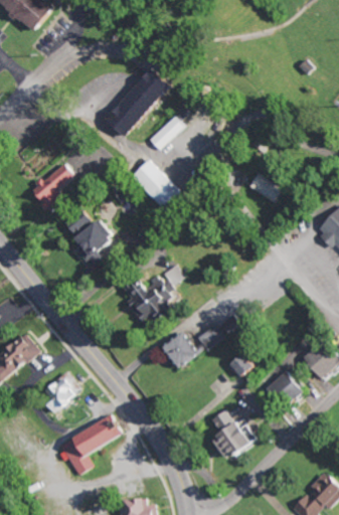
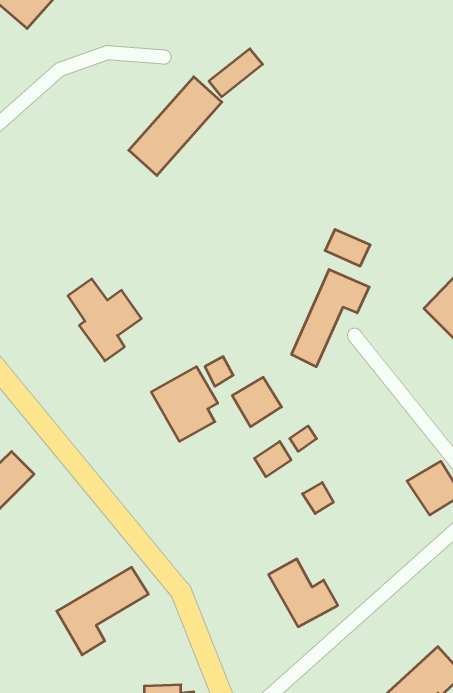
building: [147,116,185,150] -> [209,49,263,97]
building: [127,159,181,214] -> none
building: [29,162,73,212] -> none
building: none -> [292,269,369,367]
building: [164,333,199,368] -> [232,377,282,427]
building: [268,368,304,404] -> none
building: [39,374,80,414] -> none

